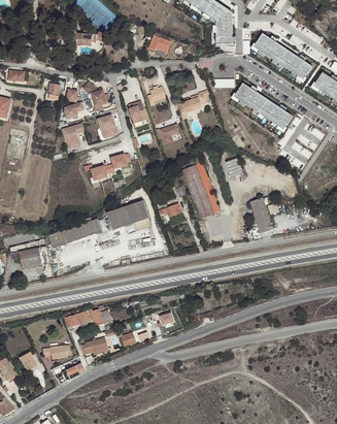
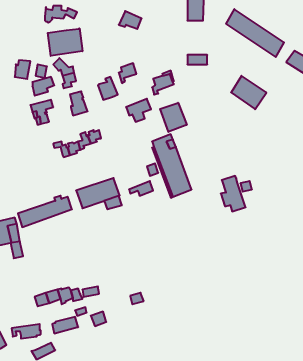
building: none -> [48,28,82,56]
building: [235,84,269,116] -> none
building: none -> [160,103,187,132]

